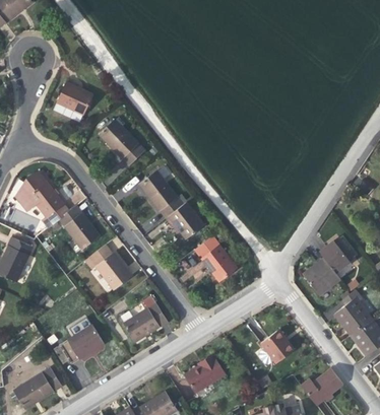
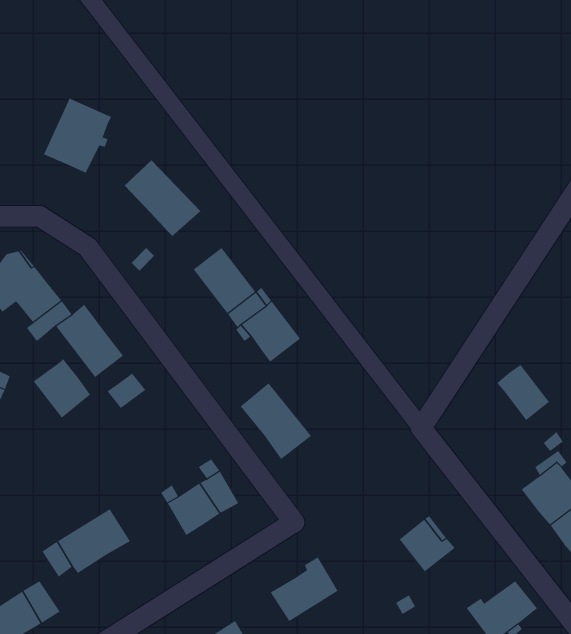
building: [194,236,237,282] -> [240,383,312,460]
building: [96,254,130,289] -> [32,358,91,418]
building: [303,258,340,295] -> none

